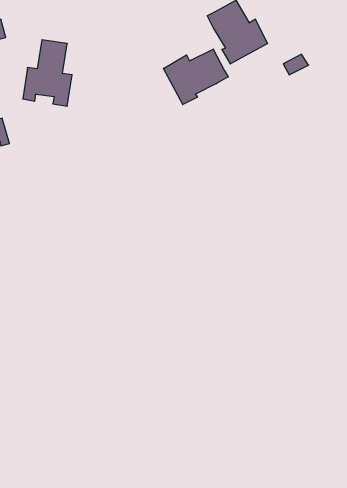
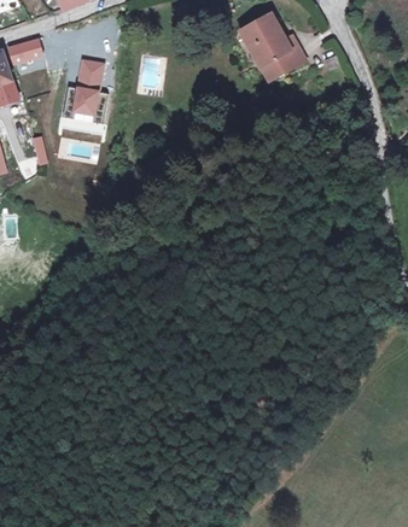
building: [163,49,228,105] -> none

